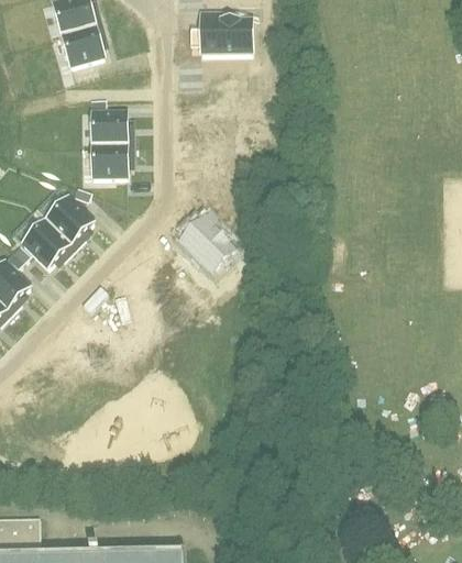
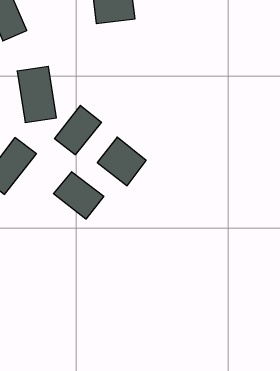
building: none -> [55,105,101,155]
building: none -> [54,172,104,219]

